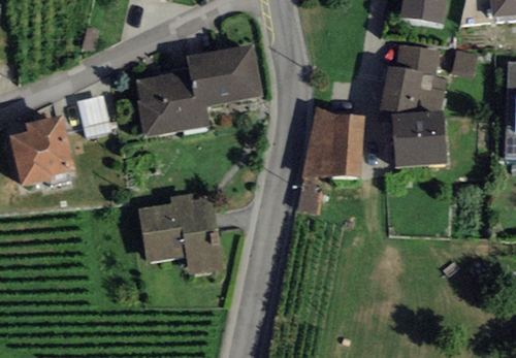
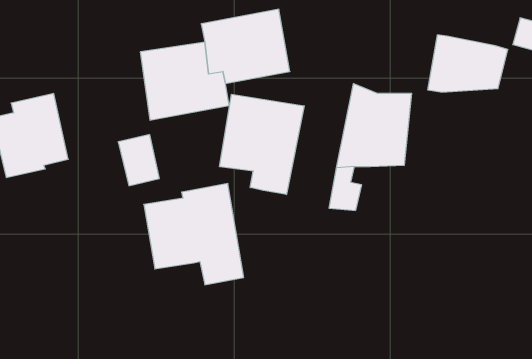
building: [395,44,441,74] -> none
building: [75,95,110,138] -> [118,135,159,186]
building: [391,110,447,167] -> none
building: none -> [220,94,304,195]

